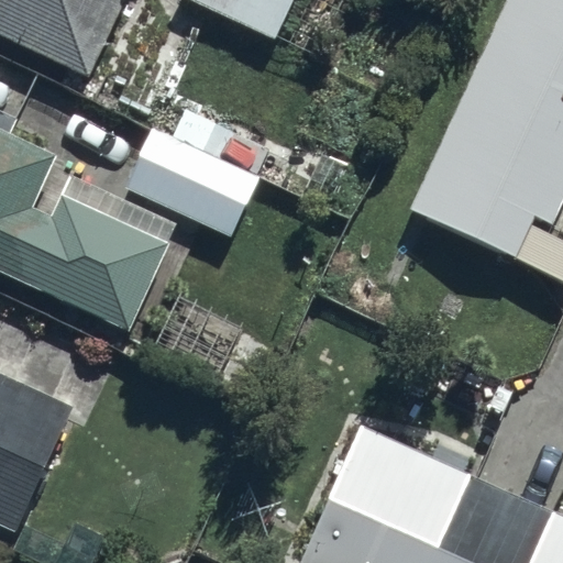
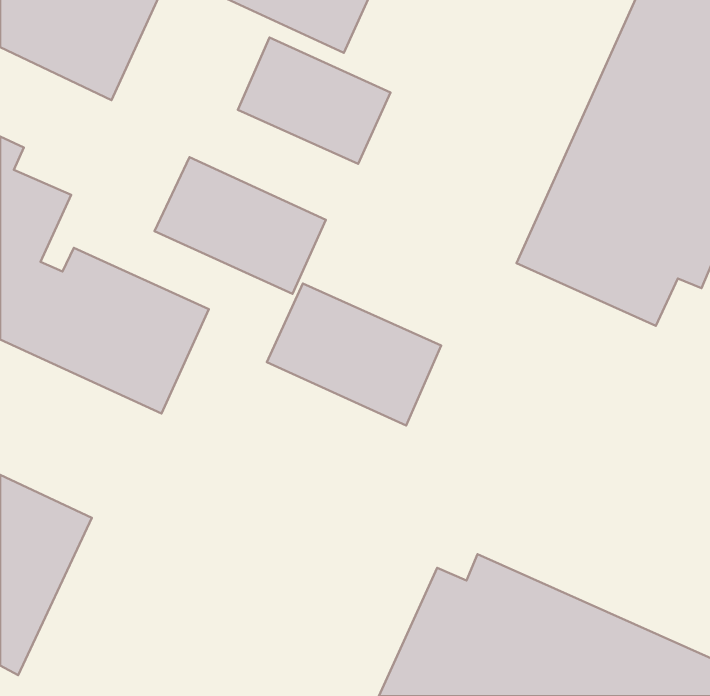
building: none -> [238,37,391,164]
building: none -> [267,283,441,426]

